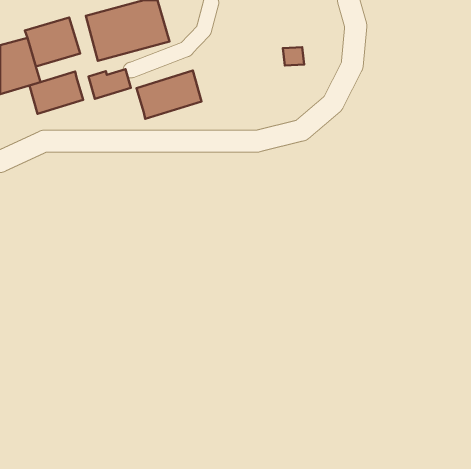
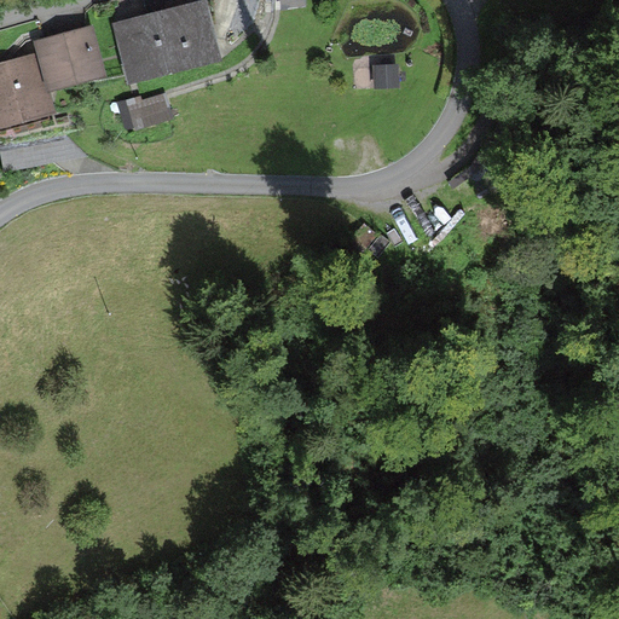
building: [136,71,201,119] -> none
building: [30,71,83,114] -> none

